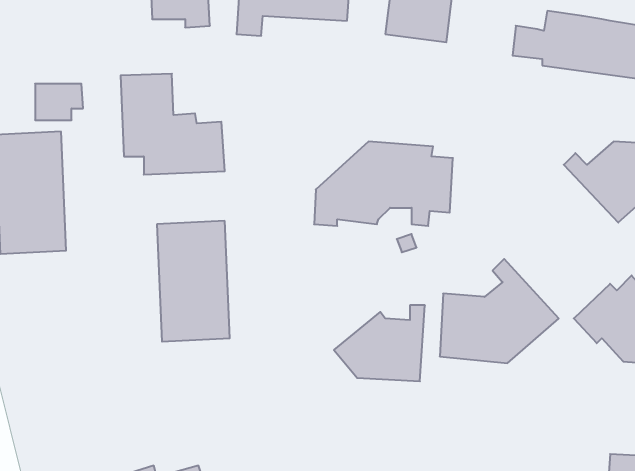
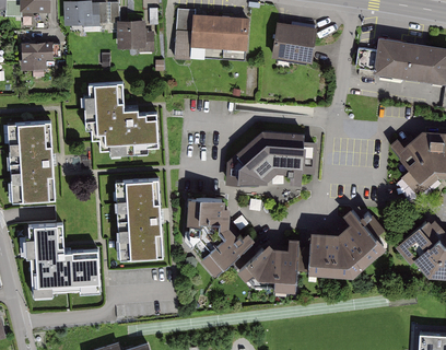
building: [35,84,83,120] -> [26,45,58,69]
building: none -> [186,195,254,271]
building: none -> [35,223,104,293]

